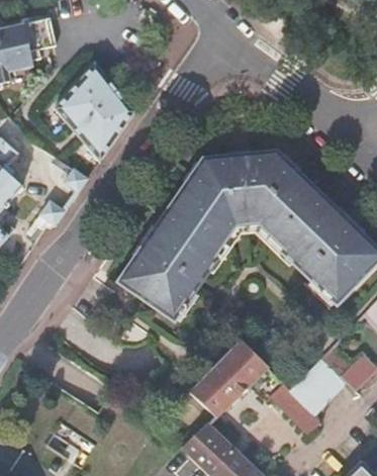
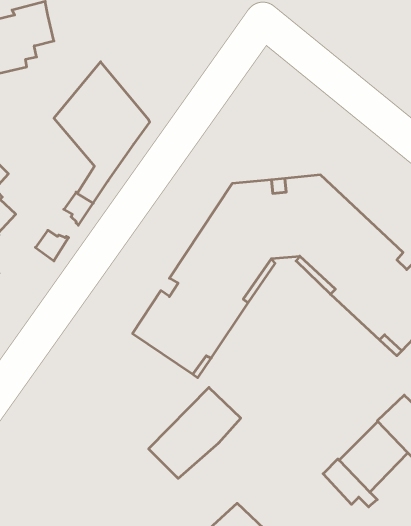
building: [192,342,268,416] -> [149,387,241,478]

